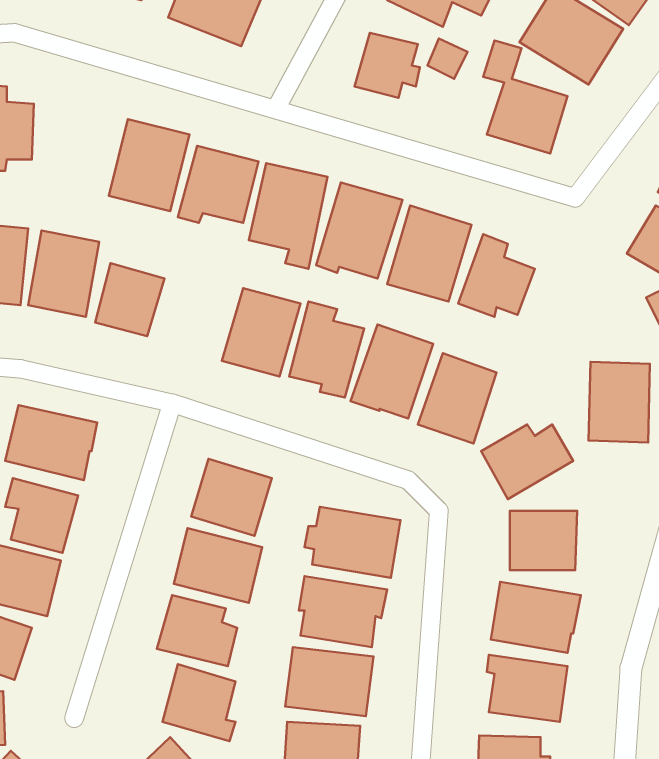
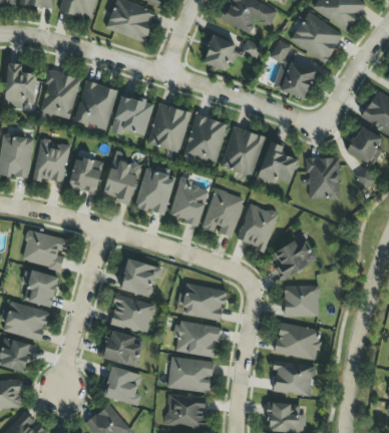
building: none -> [38,69,81,118]
building: none -> [103,149,140,204]
building: [589,362,650,442] -> [308,156,340,198]

